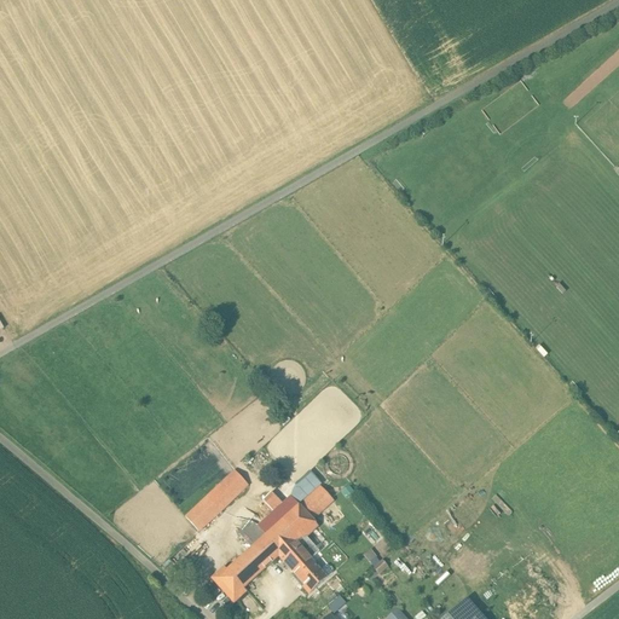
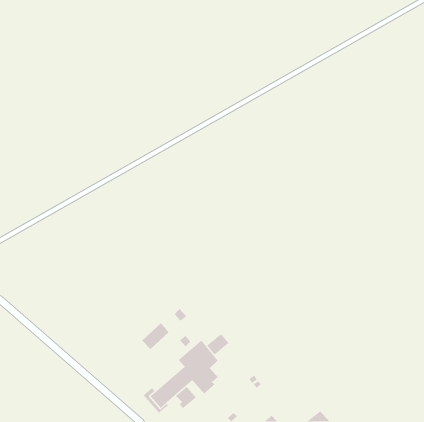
building: [183,494,219,530] -> none
building: [296,560,328,594] -> [175,386,197,409]

